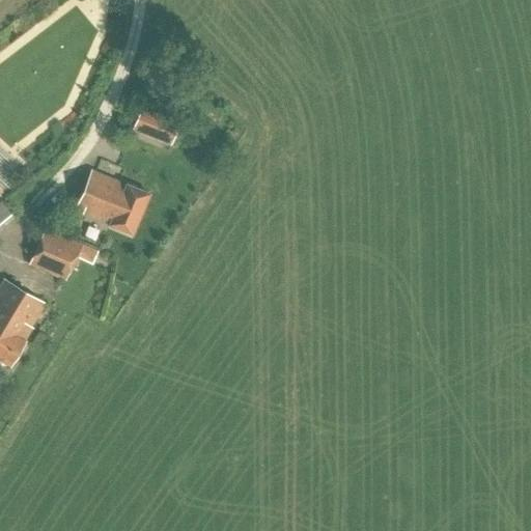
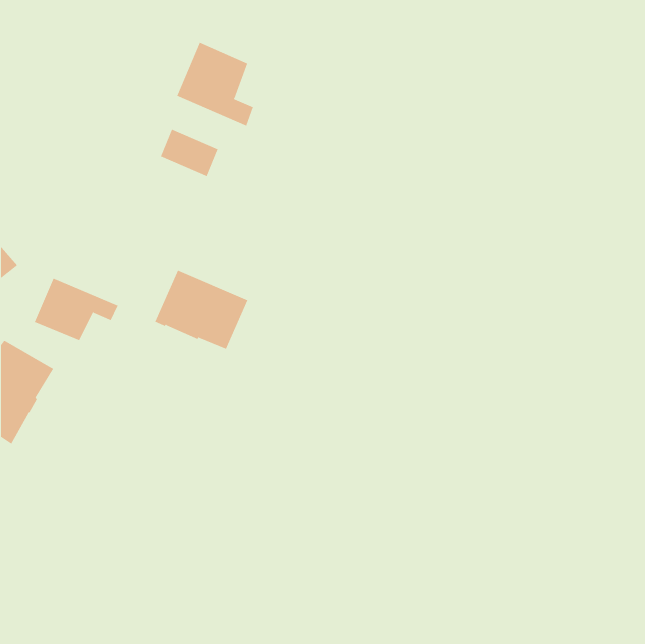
building: none -> [176,42,254,126]
building: [73,168,149,233] -> [155,270,248,349]

